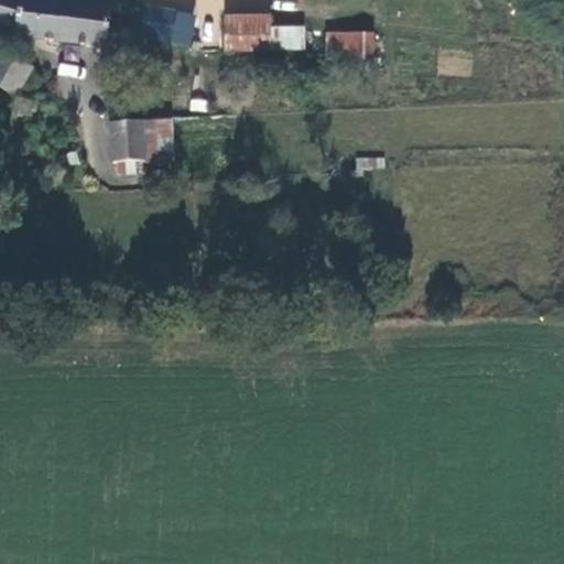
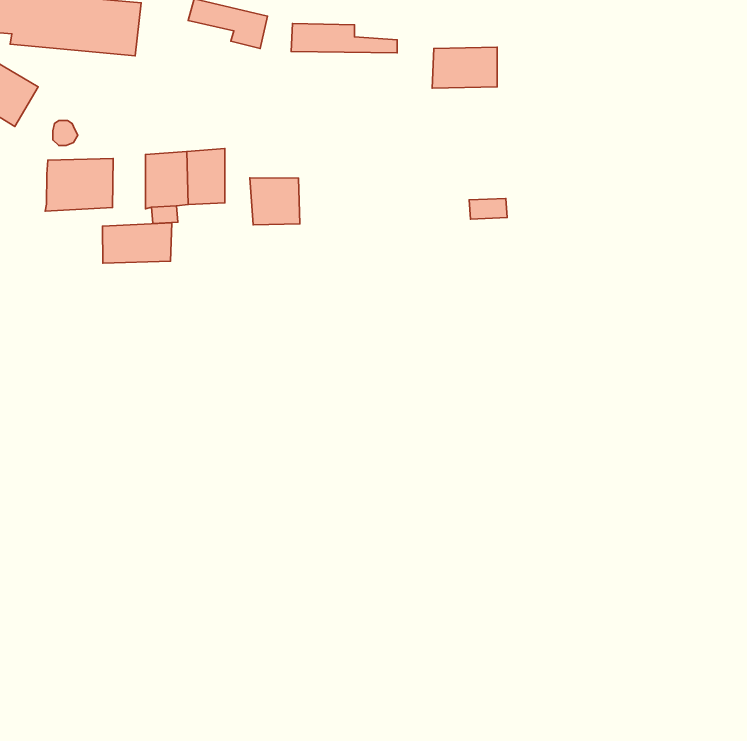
building: none -> [45,158,113,211]
building: none -> [250,178,300,225]
building: none -> [102,223,172,263]

